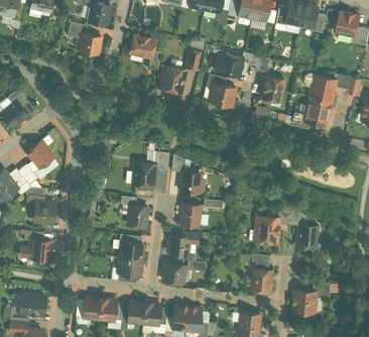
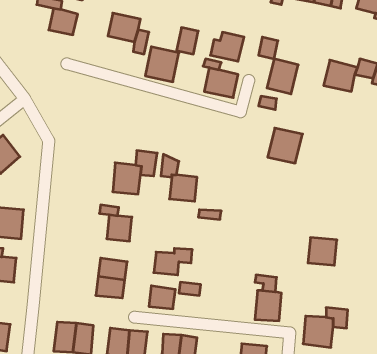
building: [302,96,332,125] -> [268,128,303,163]
building: [179,203,201,225] -> none
building: [253,214,279,242] -> none

